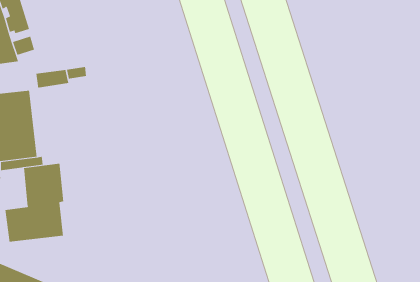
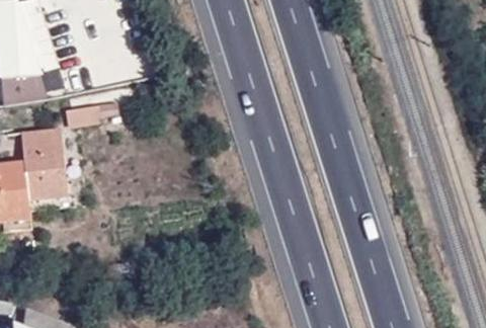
building: [5,163,64,243] -> none

